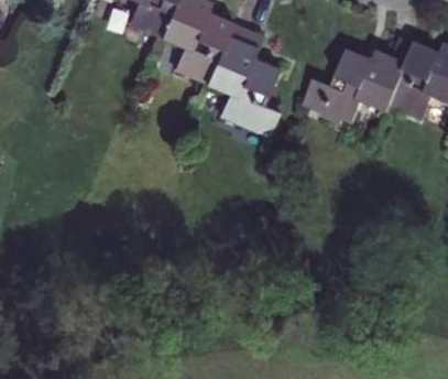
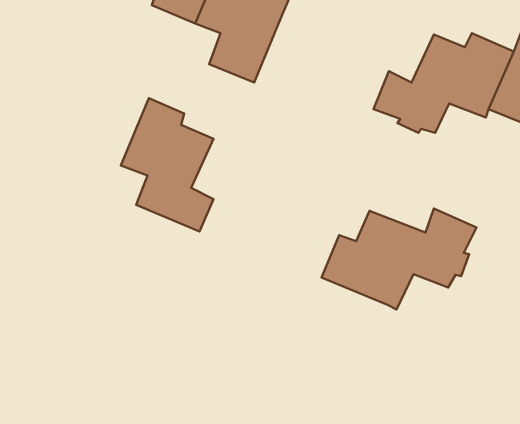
building: [206,33,278,138] -> [121,98,213,232]
building: none -> [322,209,476,310]

